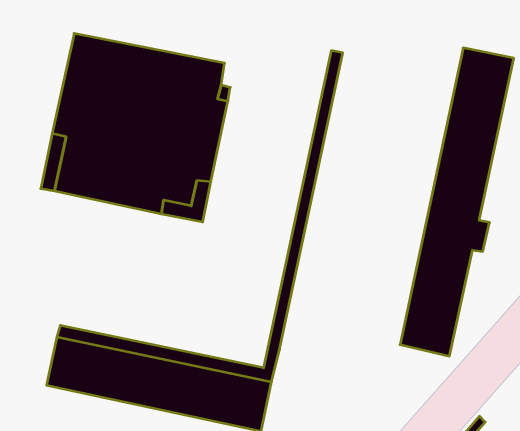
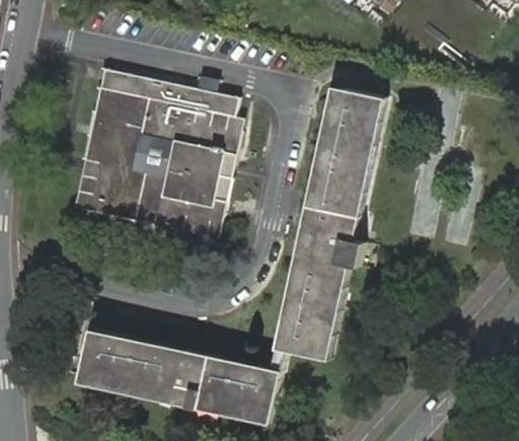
building: [400,48,514,356] -> [285,89,385,361]

